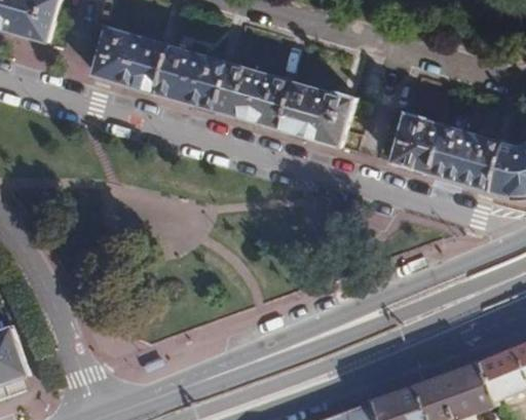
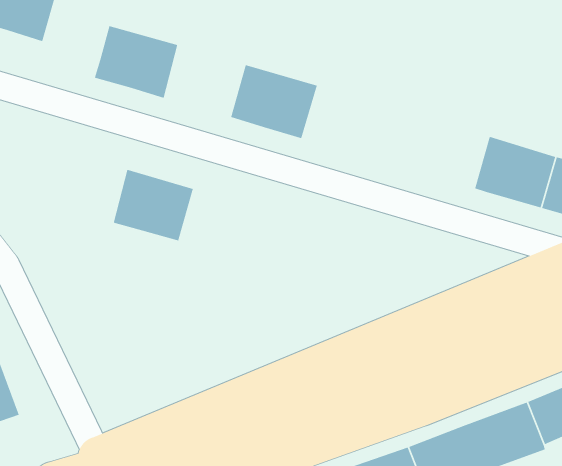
building: [156,44,228,109] -> [113,169,194,242]
building: [278,80,354,146] -> none
building: [391,113,445,173] -> none

